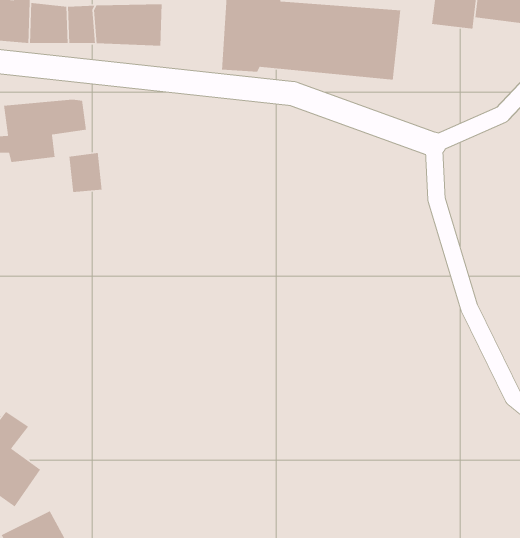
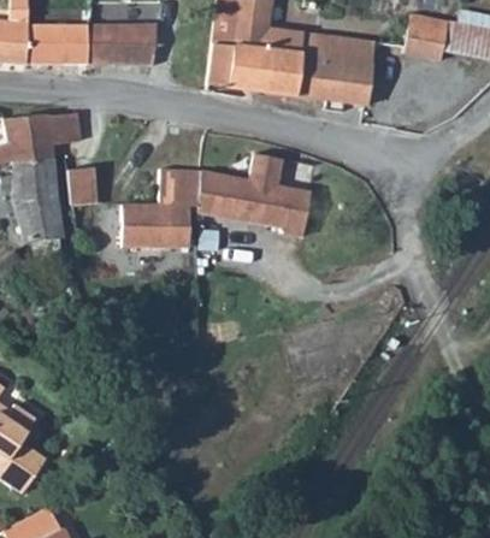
building: none -> [124,153,312,249]
building: none -> [16,170,64,243]

